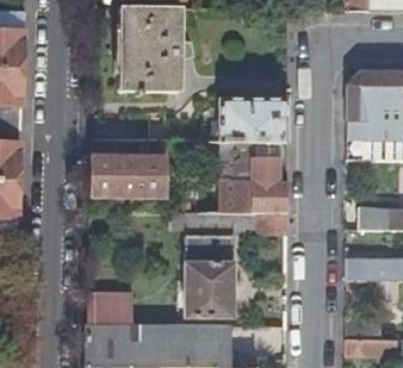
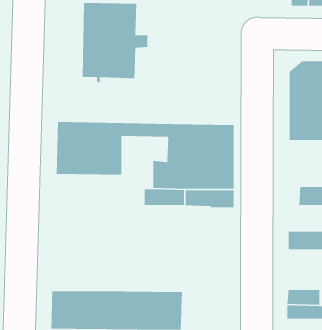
building: [221,99,289,142] -> none
building: [184,236,234,316] -> none
building: [87,293,136,324] -> none

